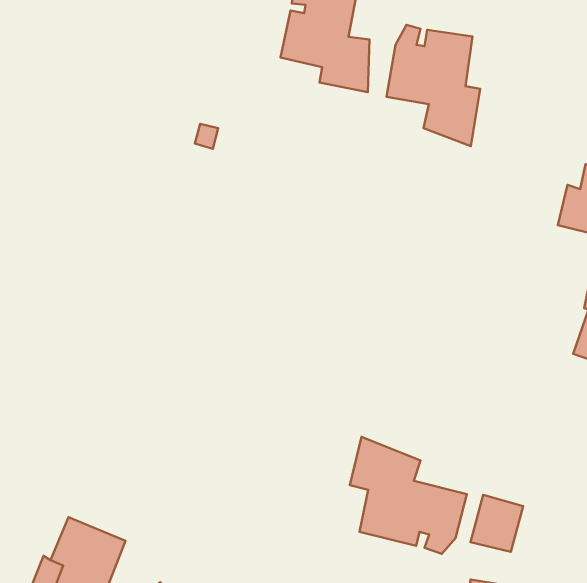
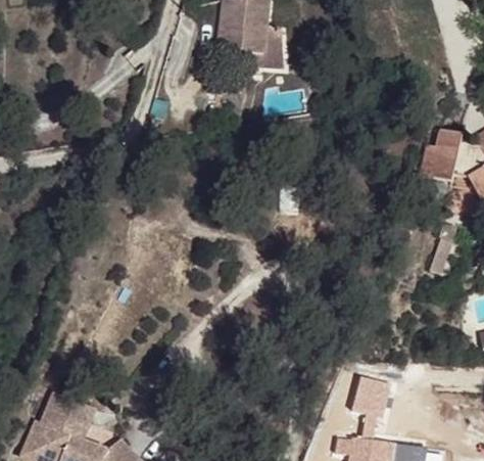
building: [387,25,480,146] -> none
building: [350,437,467,554] -> none

